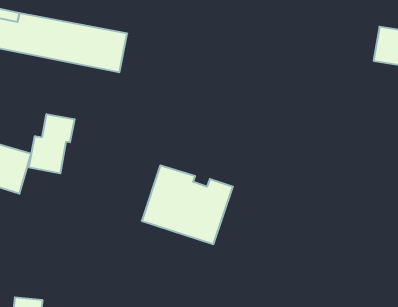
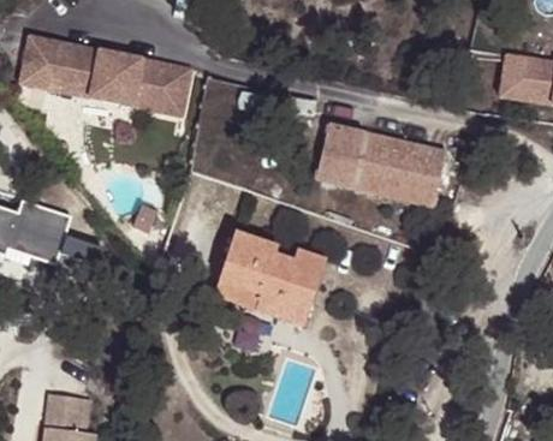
building: none -> [314,125,445,205]
building: [29,114,74,173] -> none

